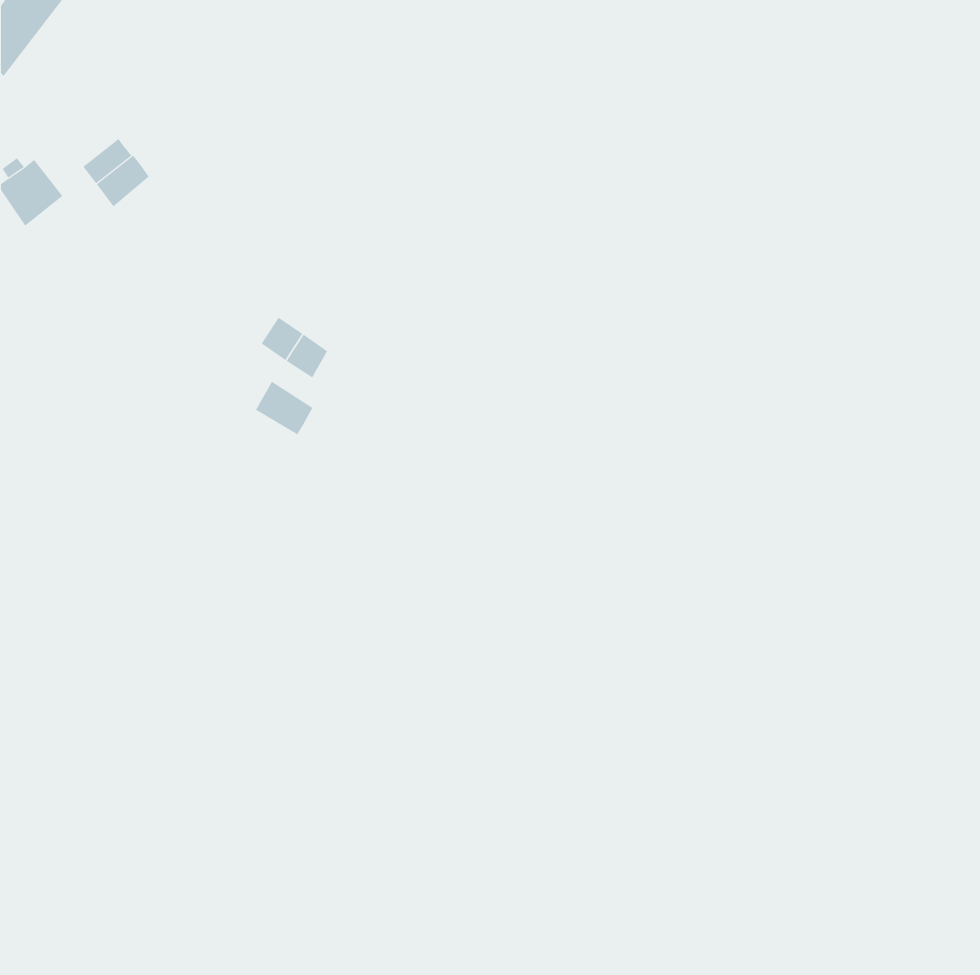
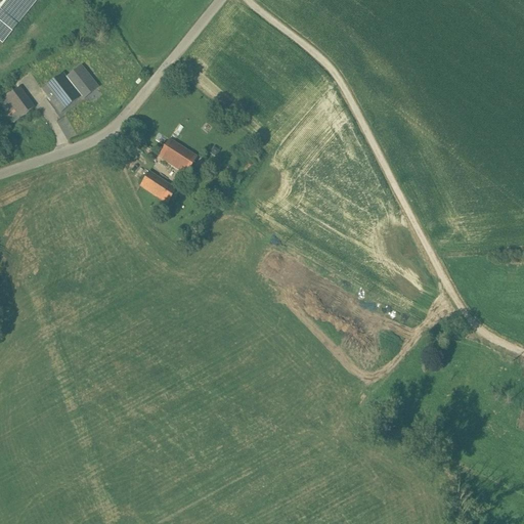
building: none -> [66,64,97,92]
building: none -> [158,136,196,172]
building: [255,381,313,437] -> none

